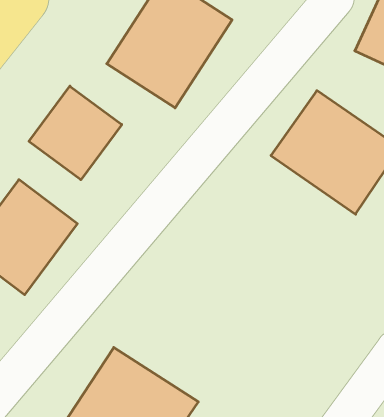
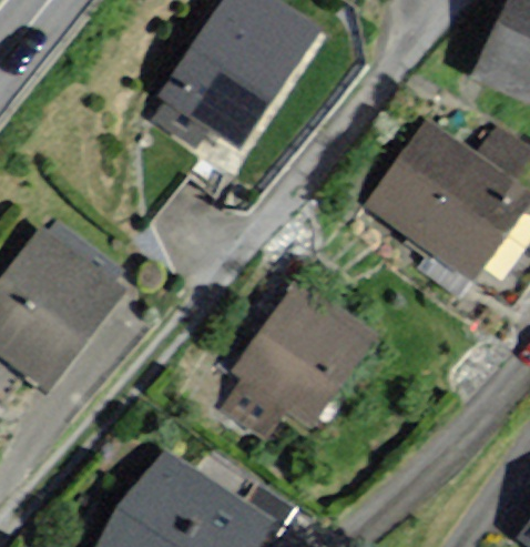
building: [29,86,122,180] -> none
building: none -> [217,277,381,437]

